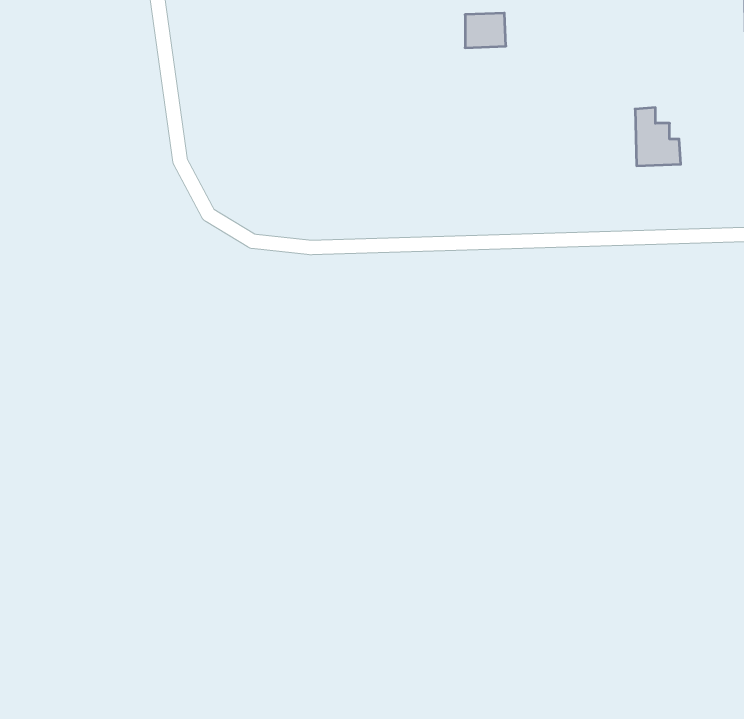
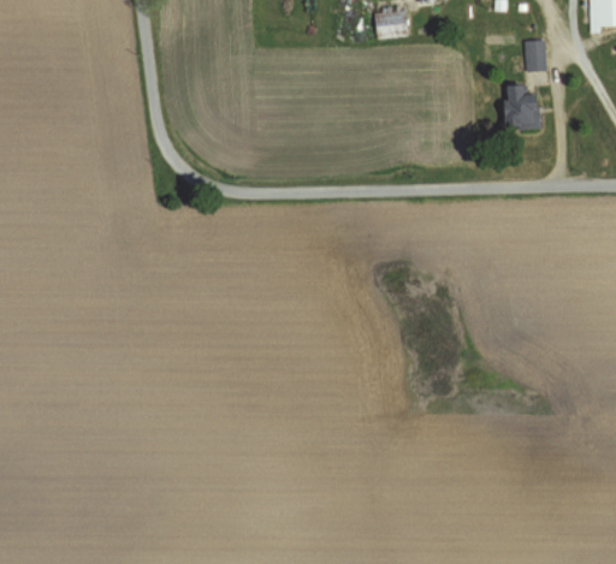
building: none -> [526,38,547,70]

